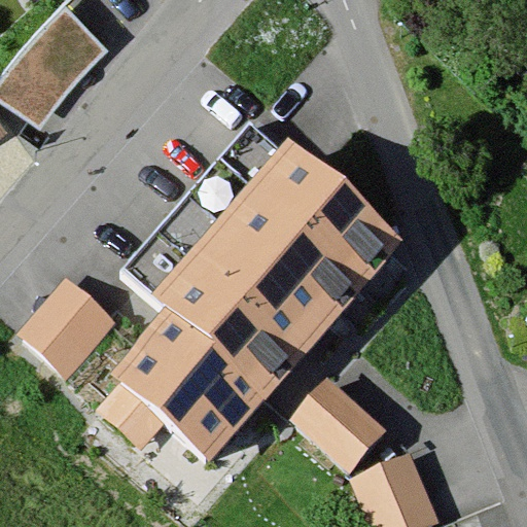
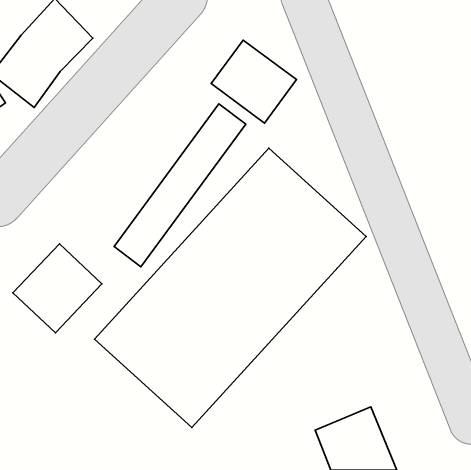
building: none -> [211,40,296,123]
building: [291,388,379,475] -> none

